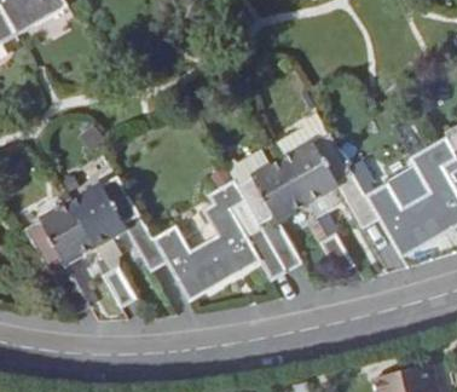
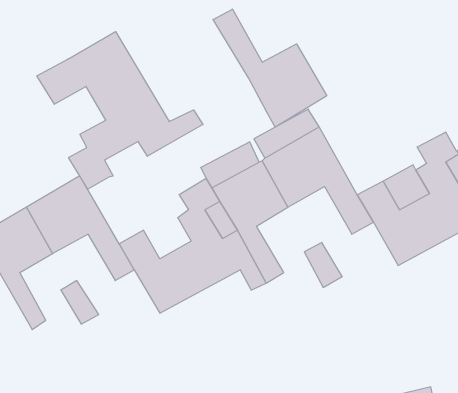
building: none -> [213,9,327,127]
building: none -> [37,32,203,189]

